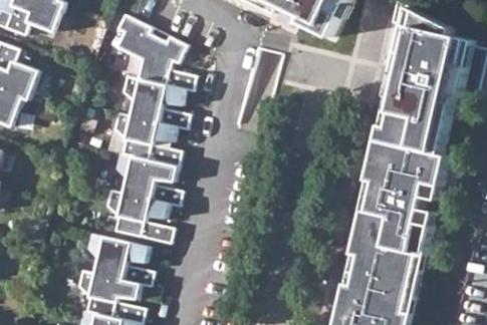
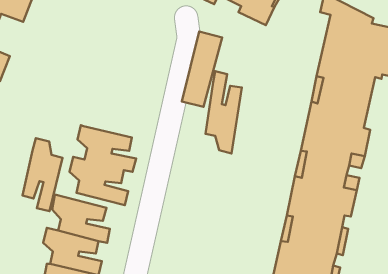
building: [112,17,195,167] -> none
building: none -> [206,71,242,153]
building: none -> [23,138,62,211]

